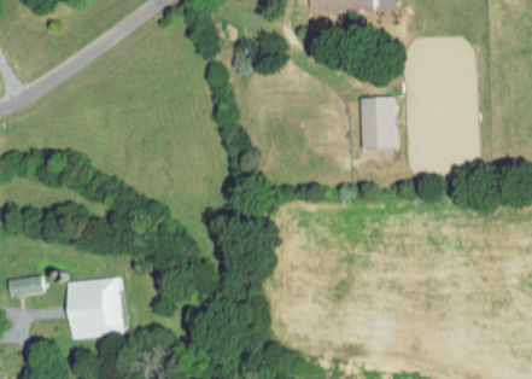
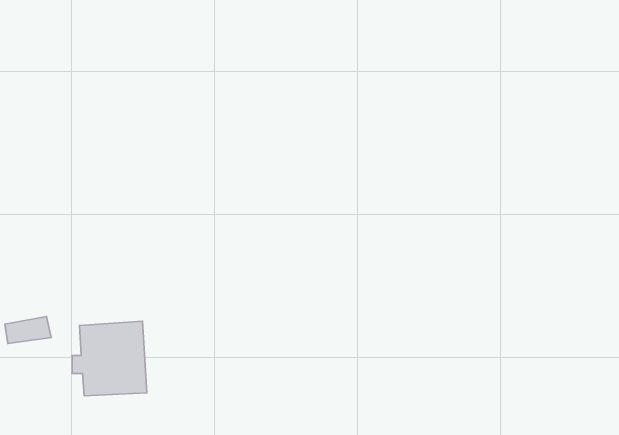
building: [361,98,396,151] -> none

